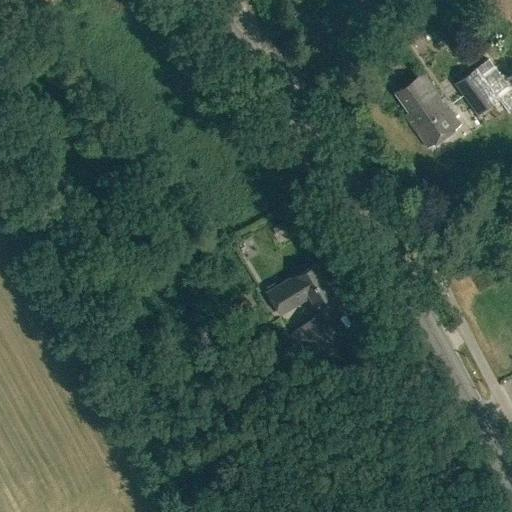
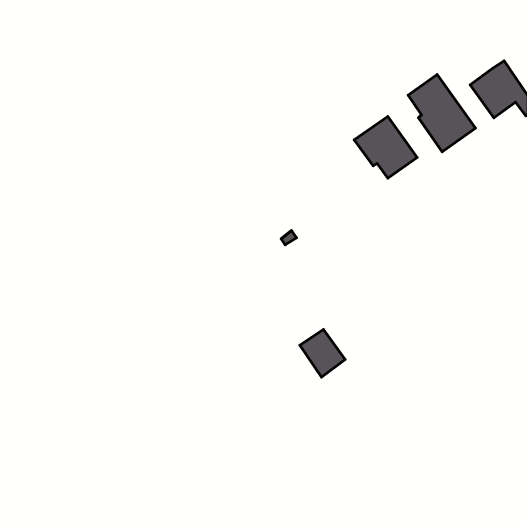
building: none -> [354,116,417,178]
building: [268,264,334,311] -> none

